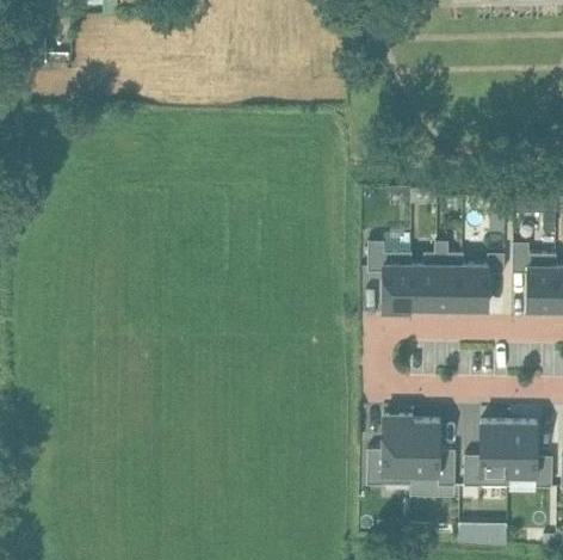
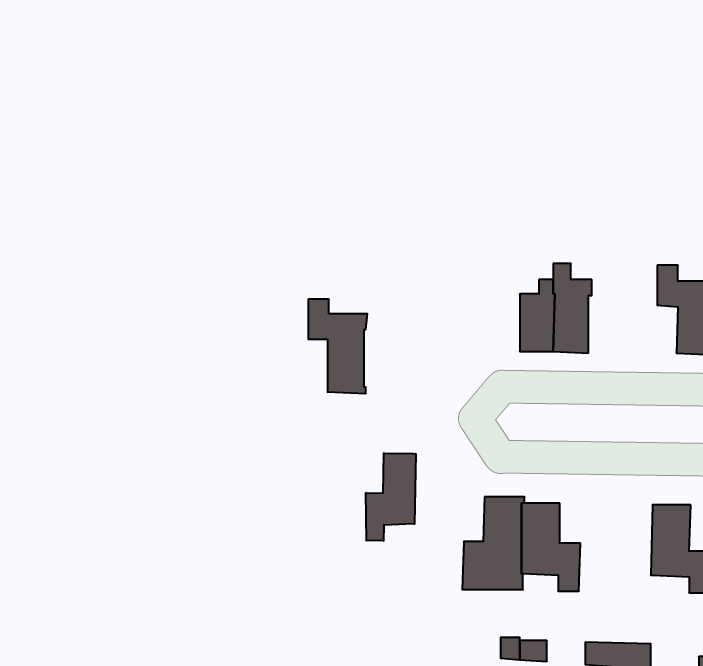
building: [369,242,413,313] -> [308,299,367,394]
building: [462,254,505,309] -> none
building: none -> [366,453,416,541]
building: [465,423,509,487] -> none

